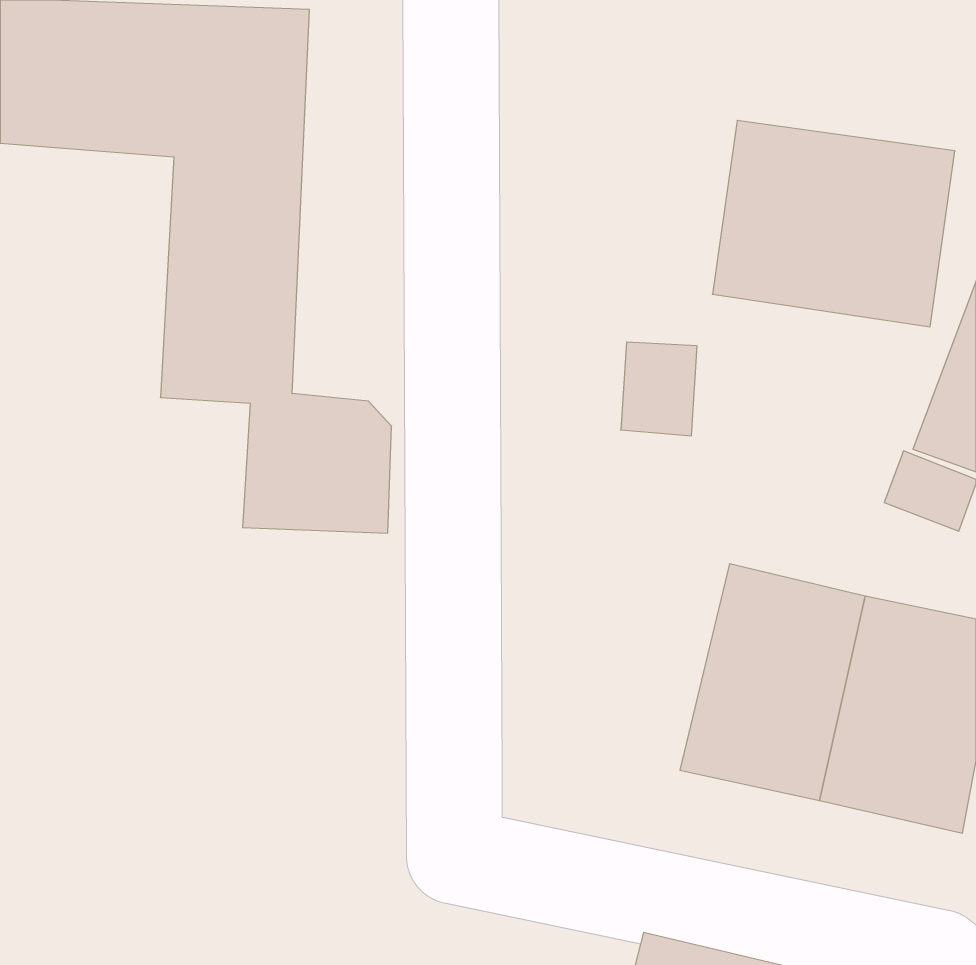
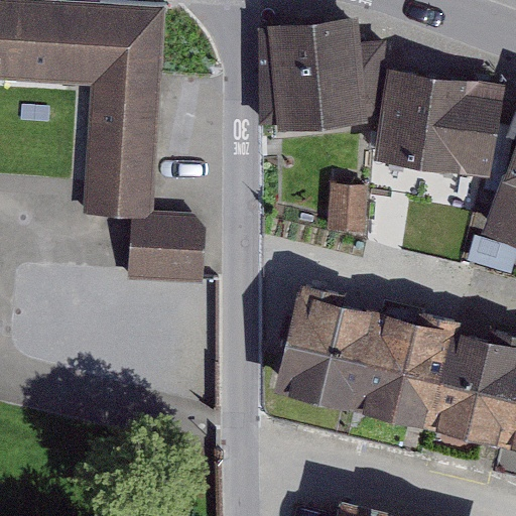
building: none -> [258,17,385,131]
building: none -> [274,283,385,412]

